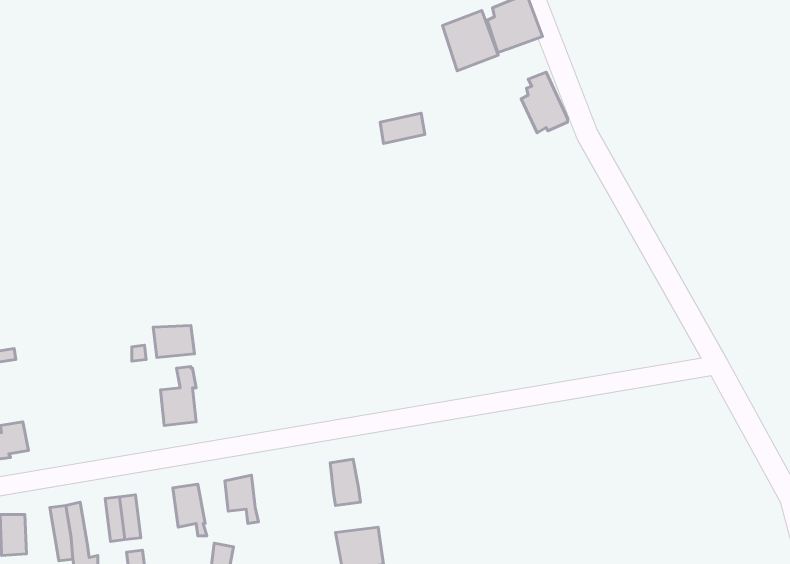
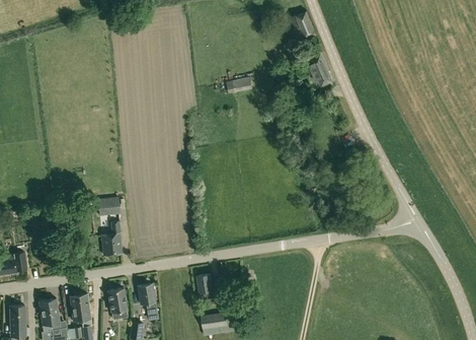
building: [442,11,498,71] -> none

